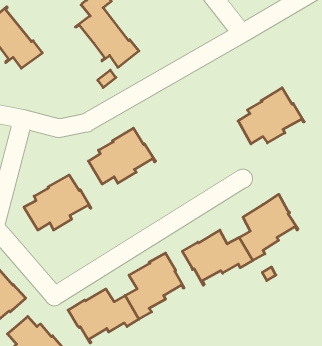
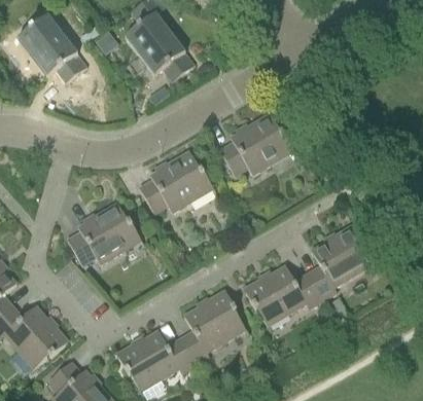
building: [238,88,304,144] -> [219,112,293,175]

